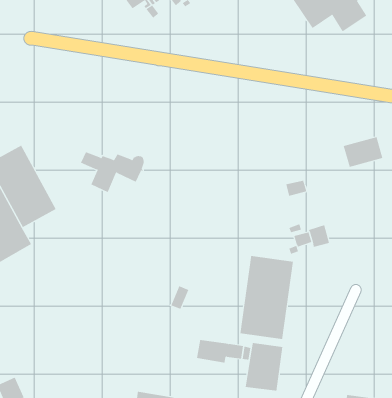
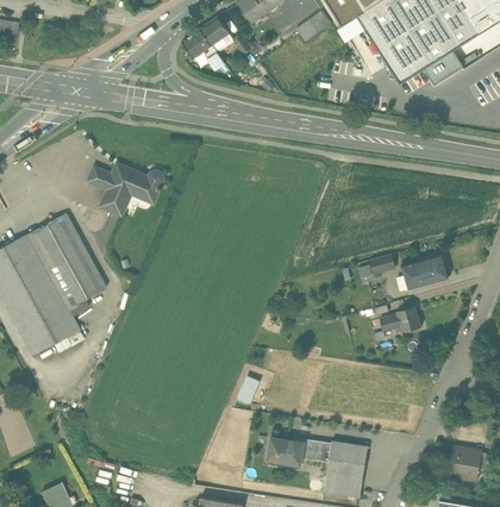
building: [343,137,383,168] -> [402,254,449,289]
building: [80,151,144,193] -> [89,168,163,215]
building: [240,255,293,340] -> none
building: none -> [449,446,482,481]

